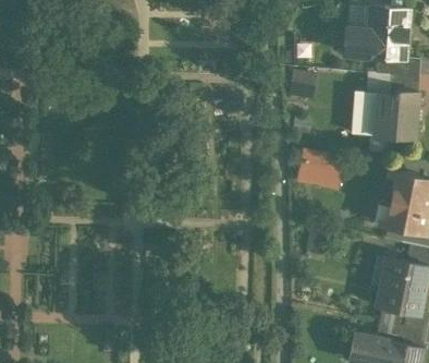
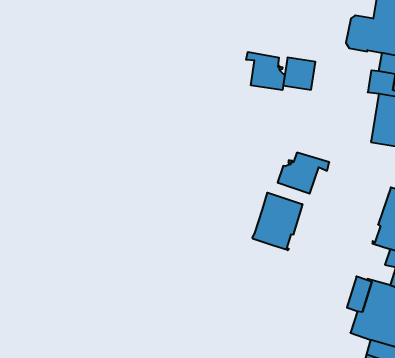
building: none -> [246,52,285,90]
building: [352,92,377,135] -> none
building: none -> [252,193,302,250]

